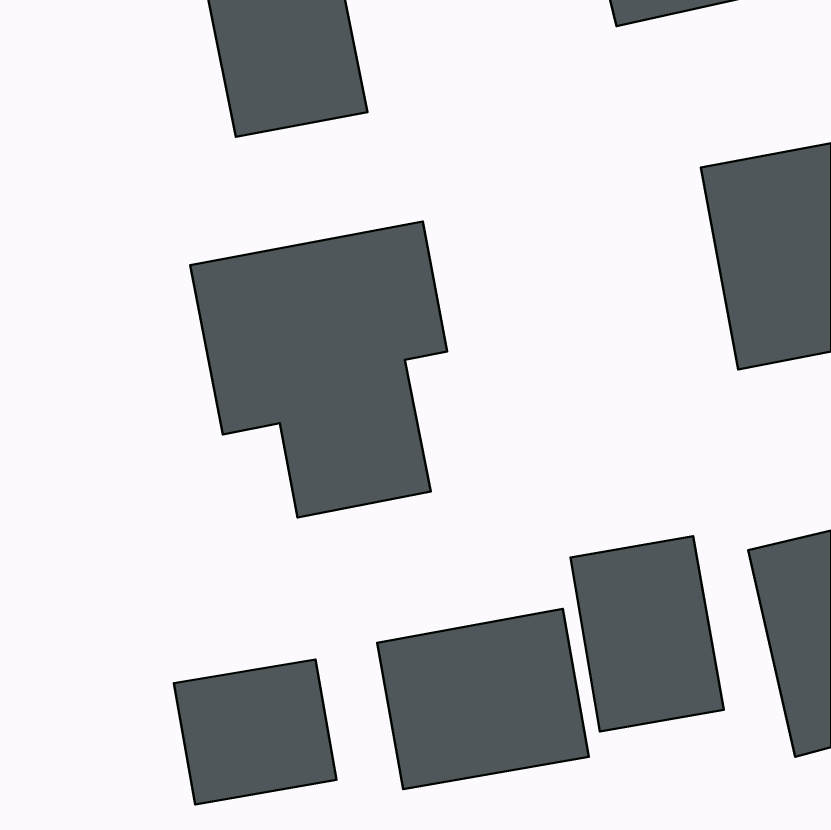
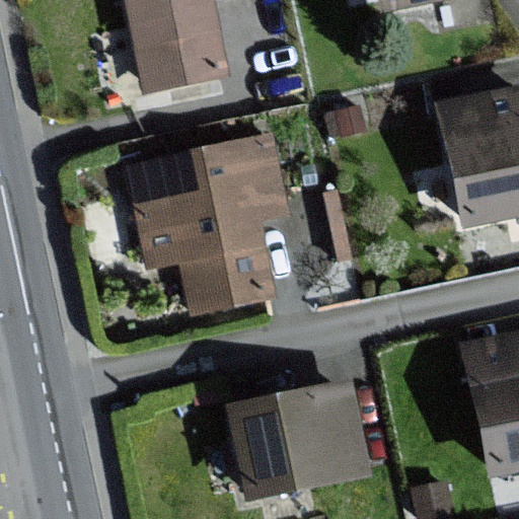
building: [570,536,724,732] -> none
building: [174,660,336,805] -> none

